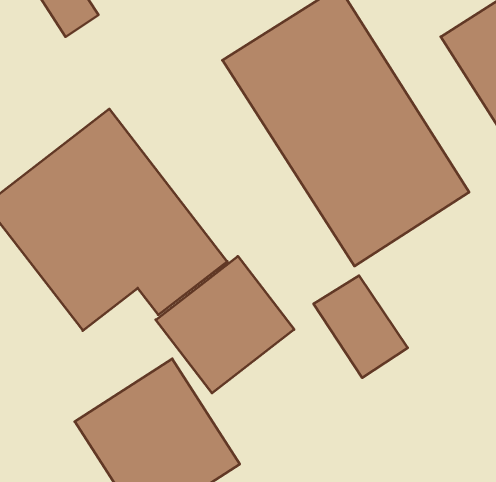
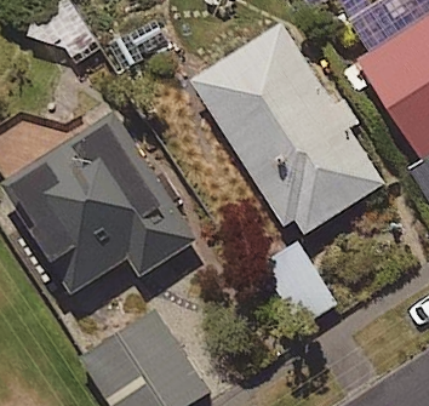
building: [156,256,294,393] -> none

